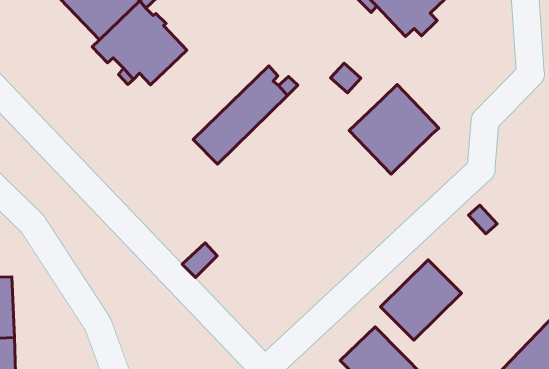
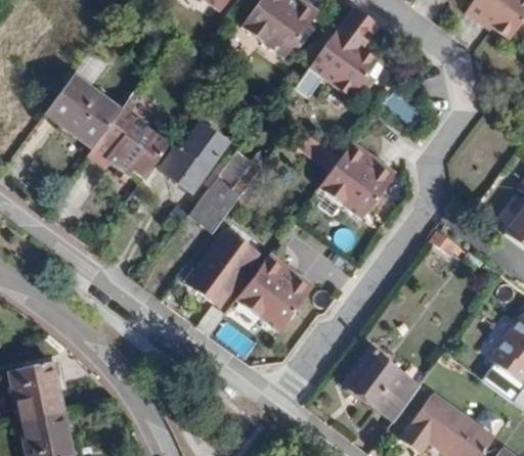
building: none -> [161,121,230,192]
building: none -> [190,231,258,305]
building: none -> [236,252,312,328]
building: [380,260,462,340] -> none

